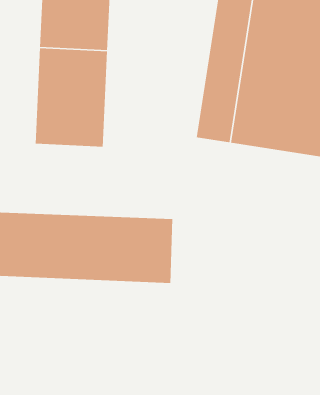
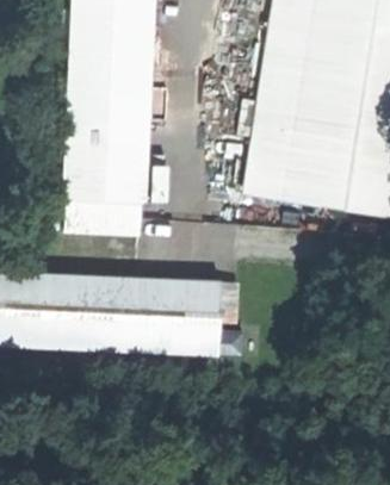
building: none -> [62,200,140,235]

